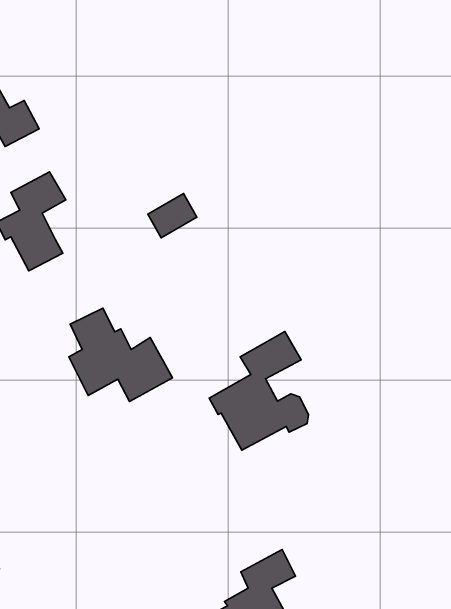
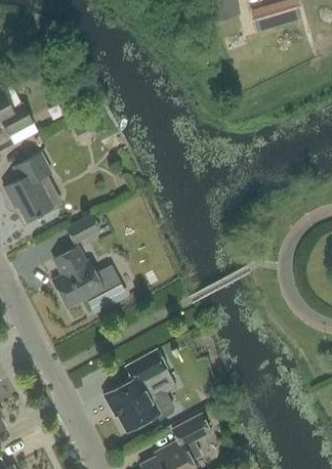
building: [148,193,197,238] -> [68,213,101,244]
building: [209,332,309,450] -> [105,349,173,431]

